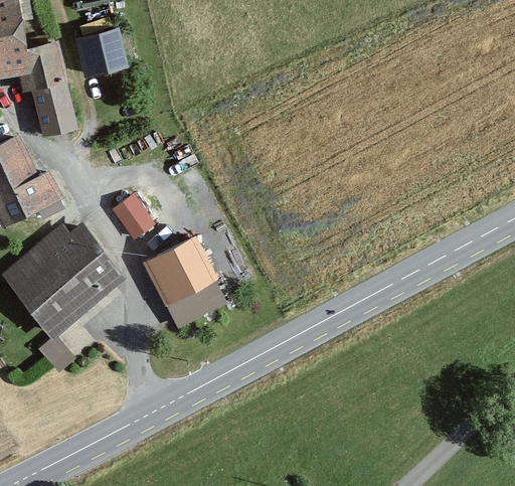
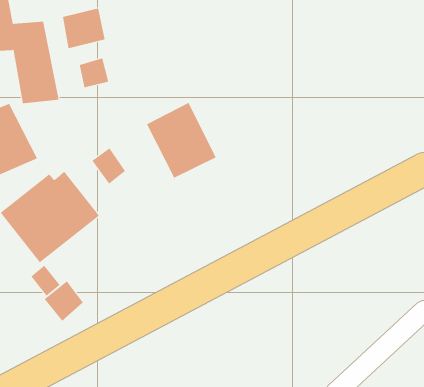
building: none -> [79,57,109,88]
building: [144,235,228,327] -> [146,102,217,179]
building: none -> [44,281,84,322]

